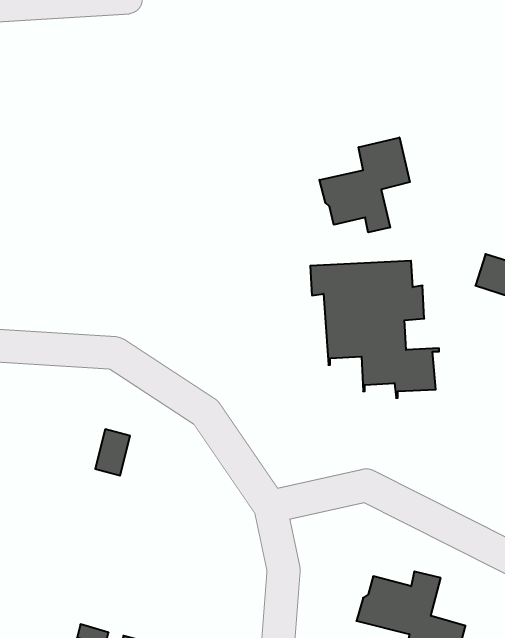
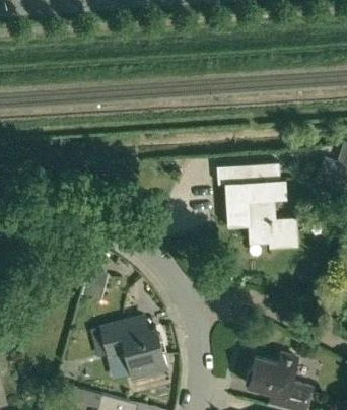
building: [319,137,410,232] -> none
building: none -> [99,316,166,379]

